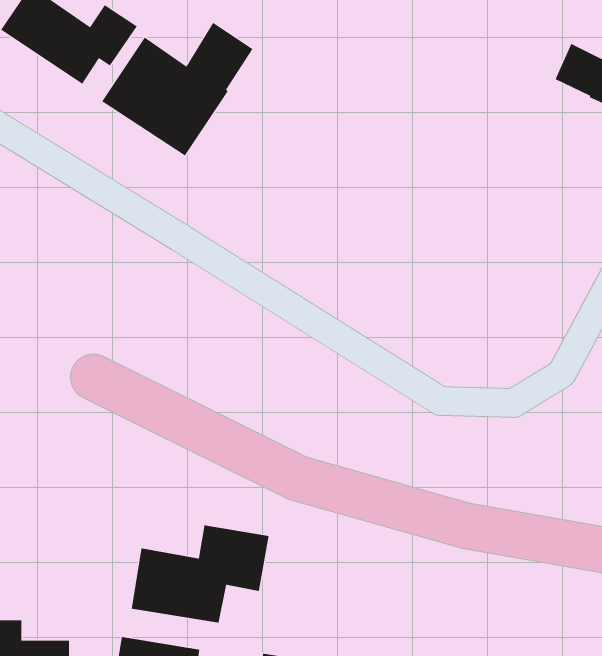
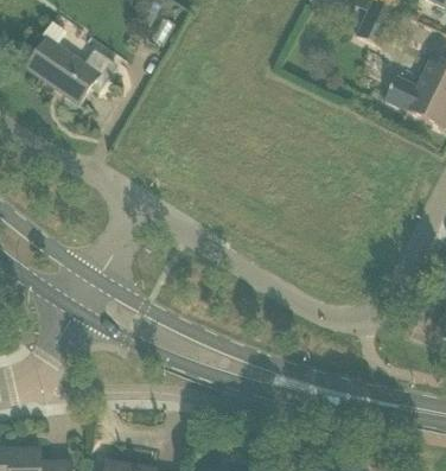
building: [101,22,253,157] -> none
building: [131,524,270,624] -> none

